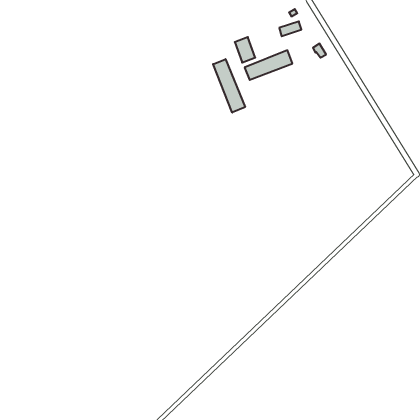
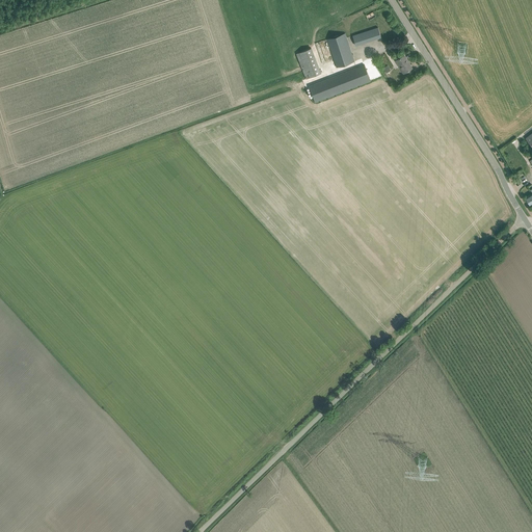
building: none -> [326,33,353,68]
building: [213,59,245,113] -> none

